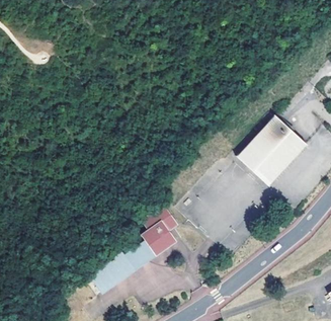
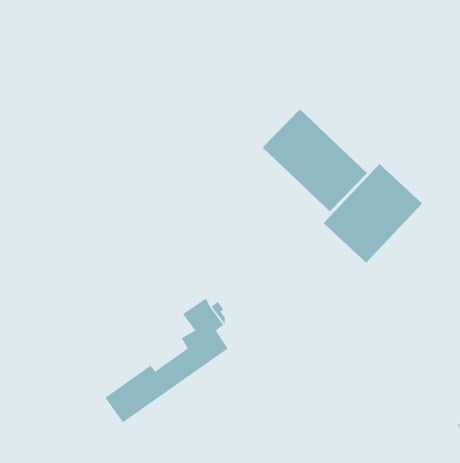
building: none -> [262,109,368,212]

